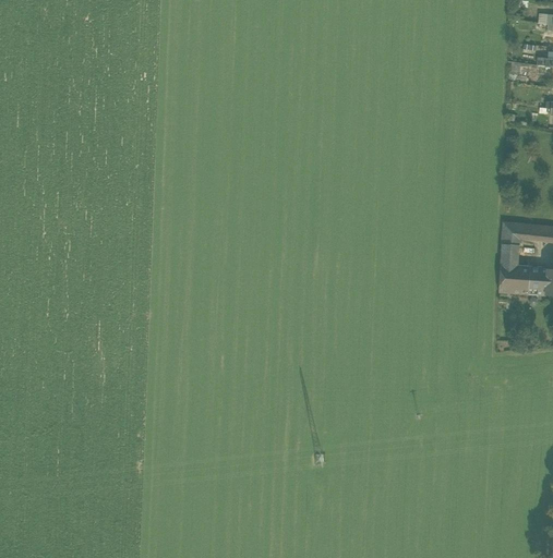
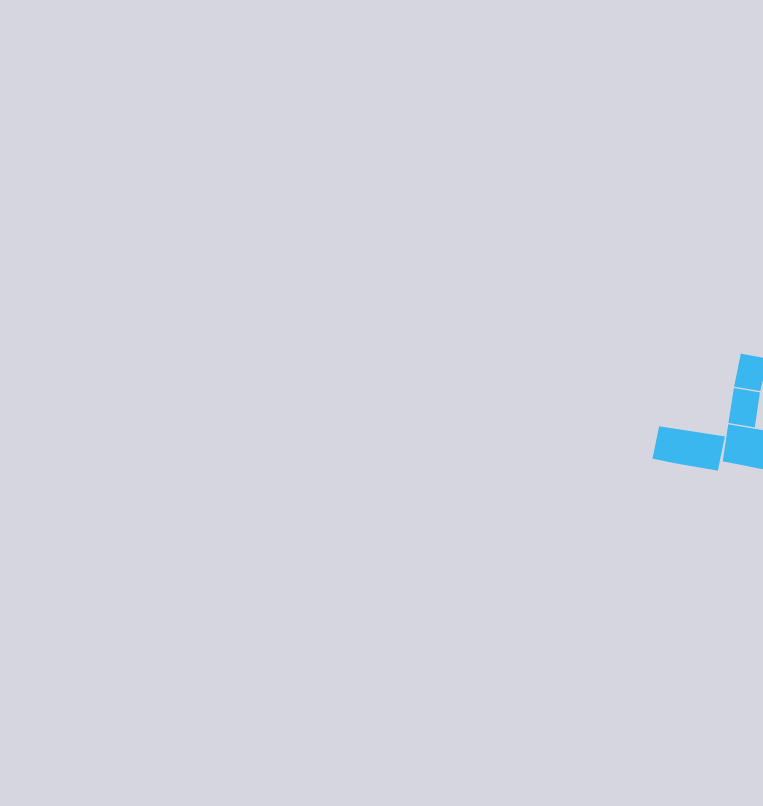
building: none -> [651,425,726,471]

